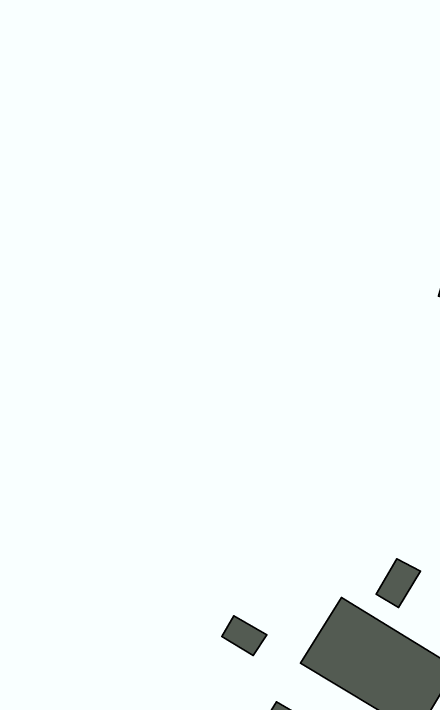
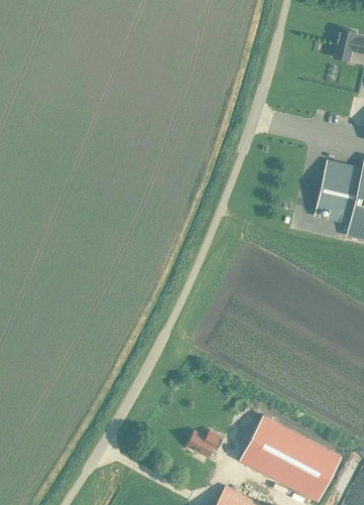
building: [376,559,421,608] -> none

